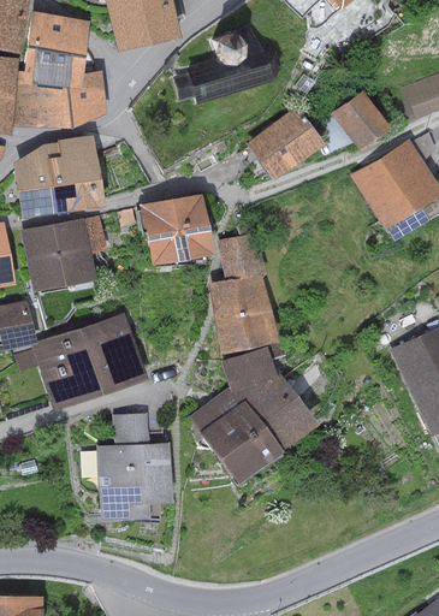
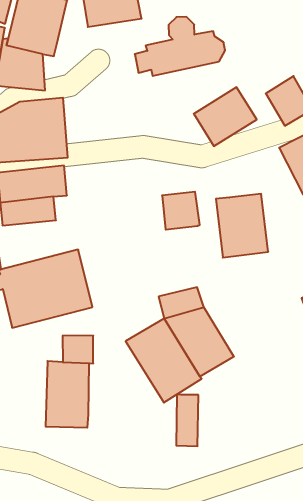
building: [65,71,105,129] -> none
building: [140,195,212,265] -> none
building: [209,274,275,353] -> [216,194,268,258]
building: [147,444,176,505] -> [176,394,198,446]

